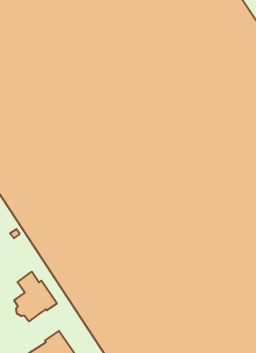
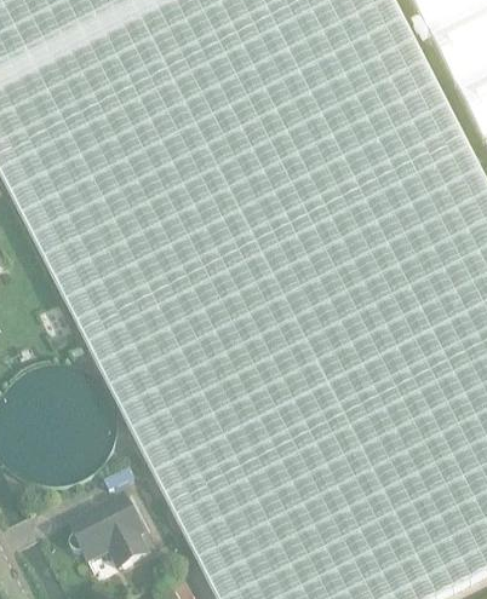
building: [14,272,57,321] -> none

